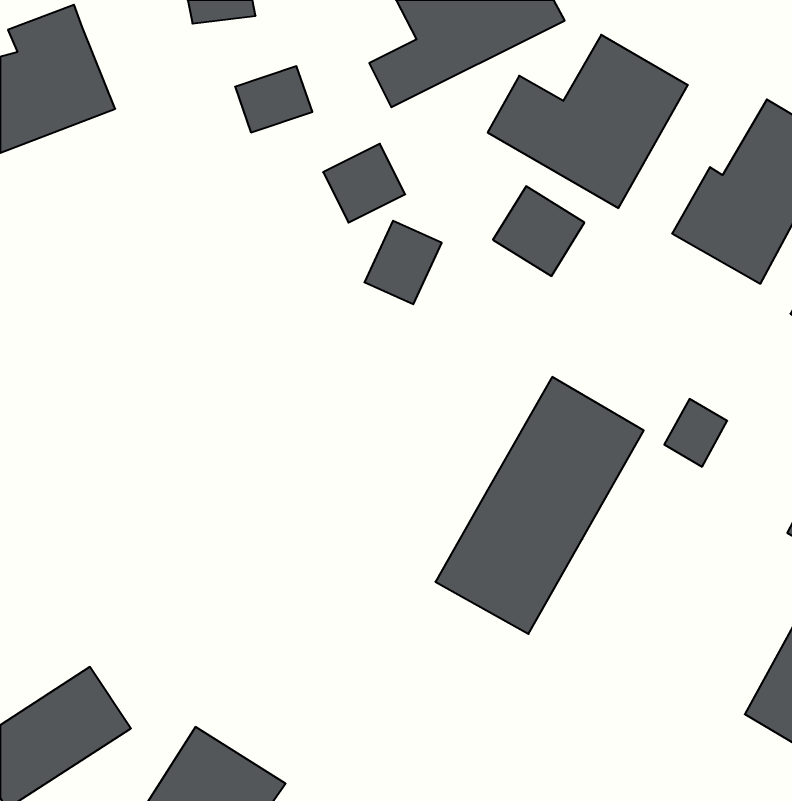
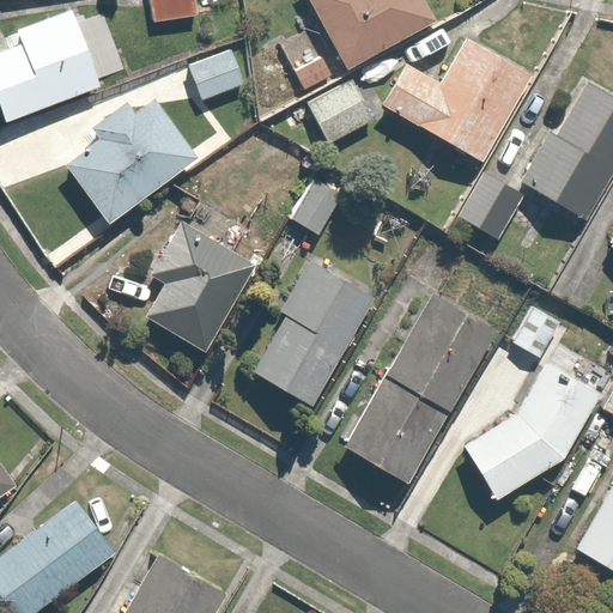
building: none -> [69,98,207,223]
building: [323,144,405,223] -> [314,80,376,140]
building: [493,186,584,276] -> [456,172,526,241]
building: none -> [126,227,249,350]
building: none -> [248,257,375,402]
building: none -> [461,362,599,500]

